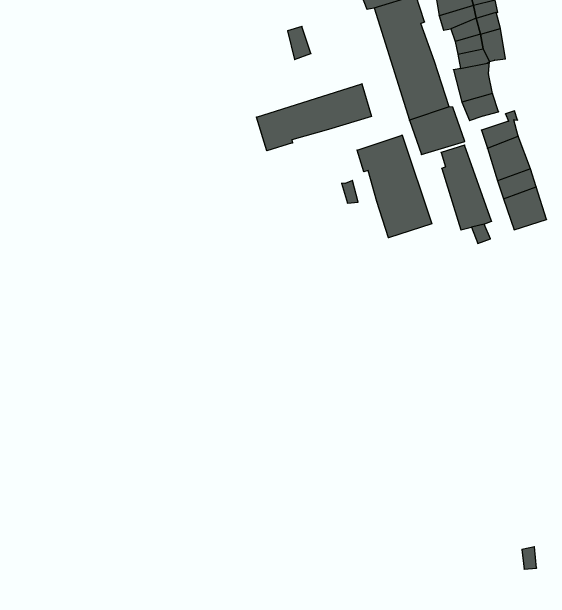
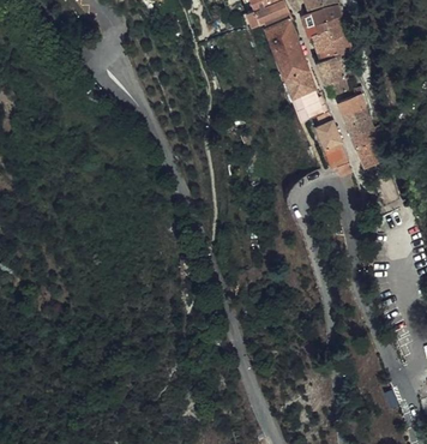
building: [256,84,371,151] -> none
building: [357,135,432,238] -> none

